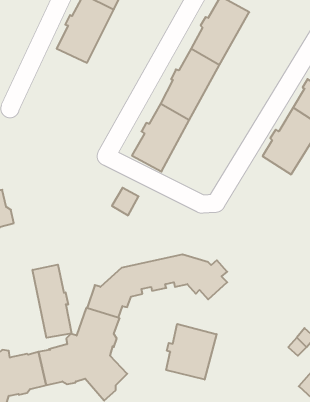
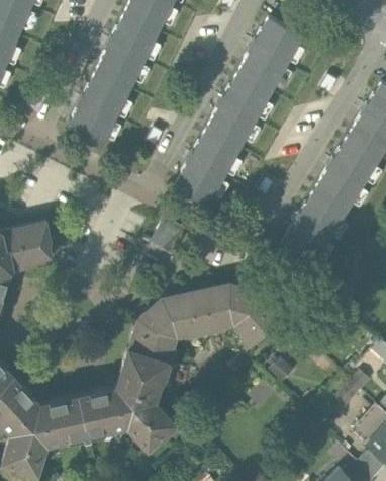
building: none -> [69,74,129,147]
building: none -> [279,188,346,266]
building: [33,265,72,338] -> none
building: [166,324,217,380] -> none

